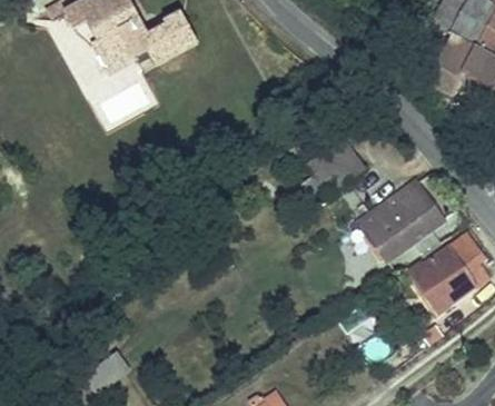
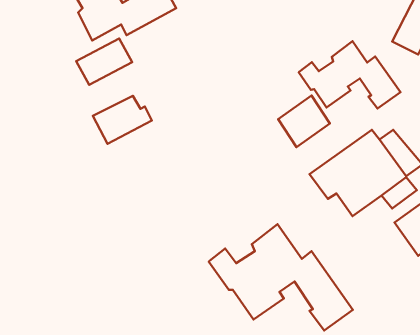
building: none -> [299,41,400,109]
building: none -> [93,96,152,144]
building: none -> [209,224,353,331]

